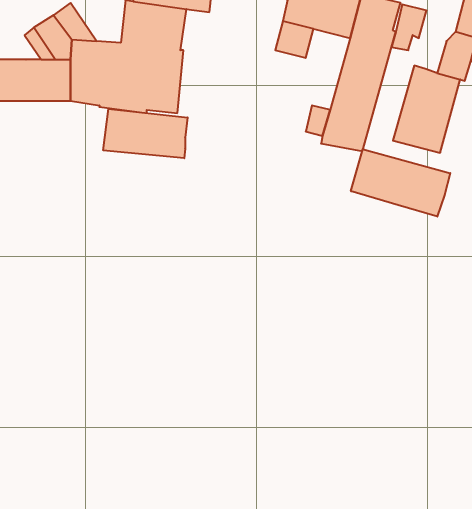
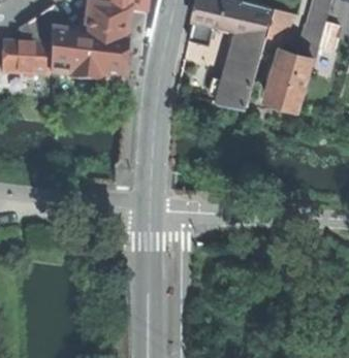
building: [103,109,188,158] -> none
building: [351,149,450,217] -> none

